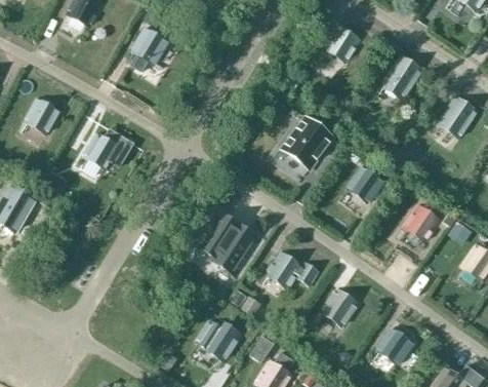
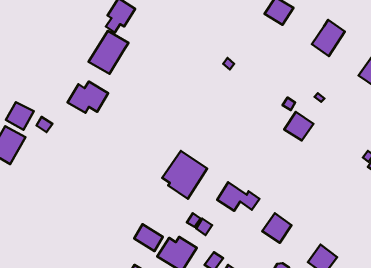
building: none -> [88,31,129,74]
building: [25,99,58,132] -> [6,102,34,130]
building: [284,118,334,169] -> none
building: [404,204,440,240] -> none
building: none -> [134,224,163,251]

